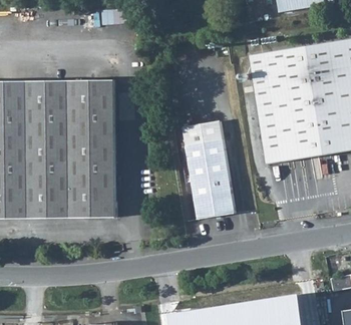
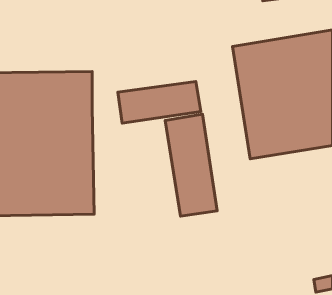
building: none -> [118,81,201,123]

